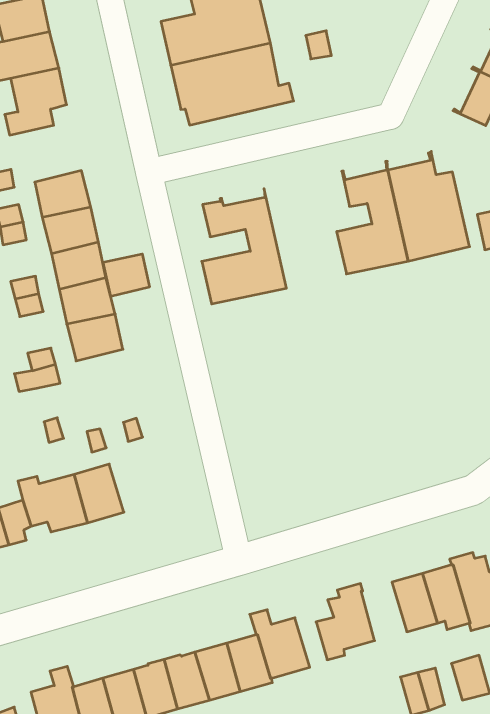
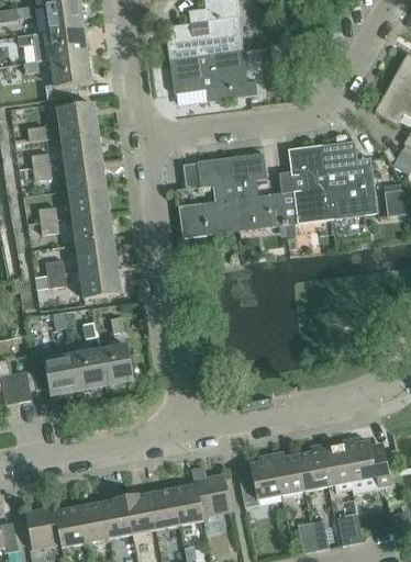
building: none -> [57,103,97,136]
building: none -> [230,151,285,231]
building: [103,254,149,297] -> none
building: none -> [80,265,120,297]
building: none -> [98,344,133,384]
building: none -> [275,453,306,495]

